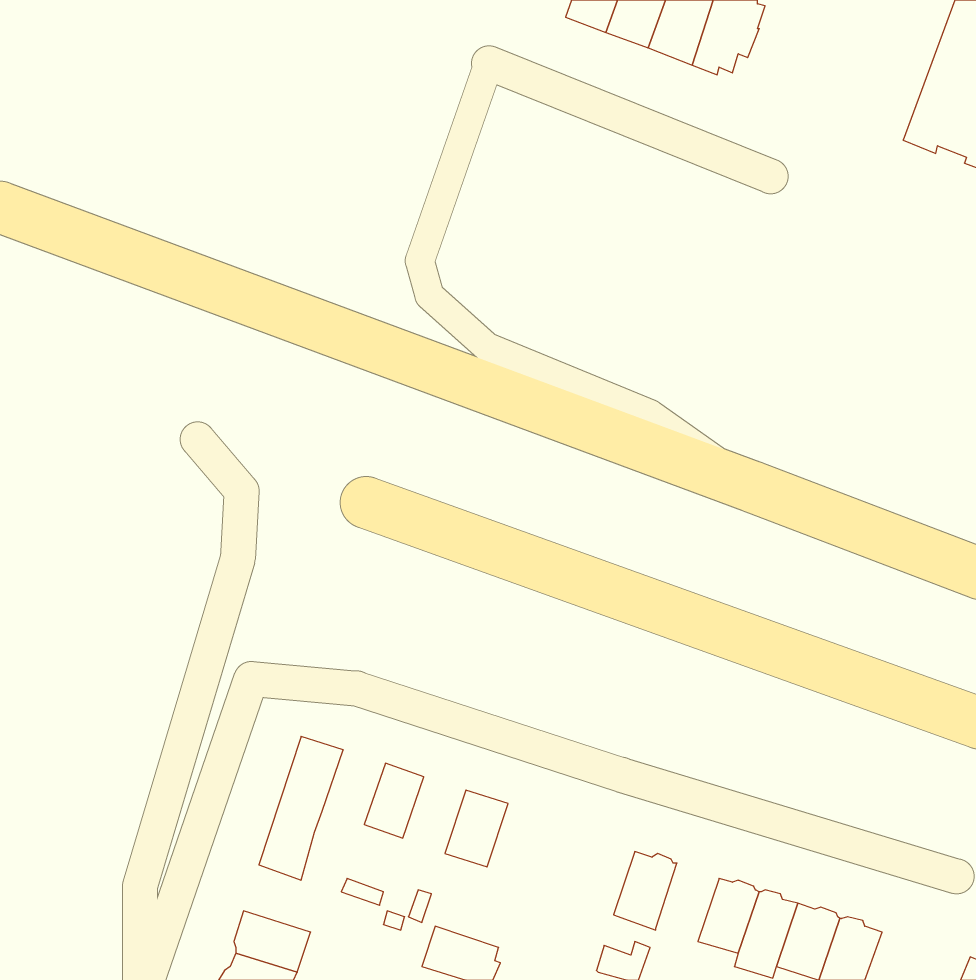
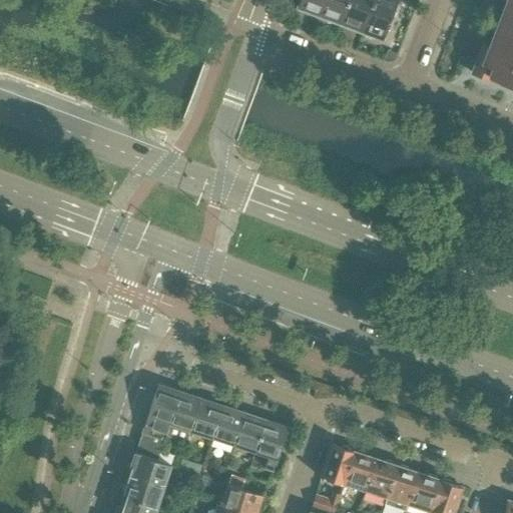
building: none -> [166,392,203,442]
building: none -> [212,406,245,446]
building: none -> [256,420,289,472]
building: none -> [345,450,378,492]
building: none -> [129,452,172,487]

